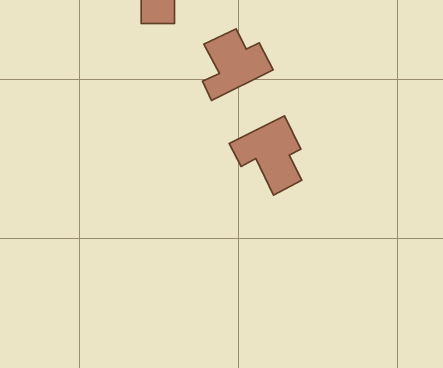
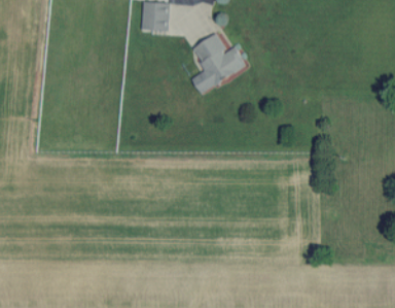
building: [229,116,302,195] -> none

